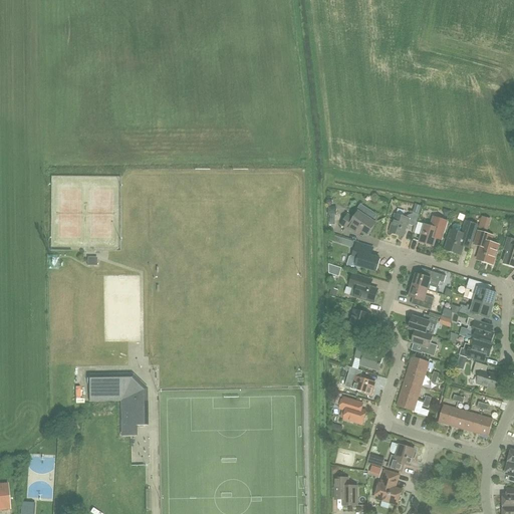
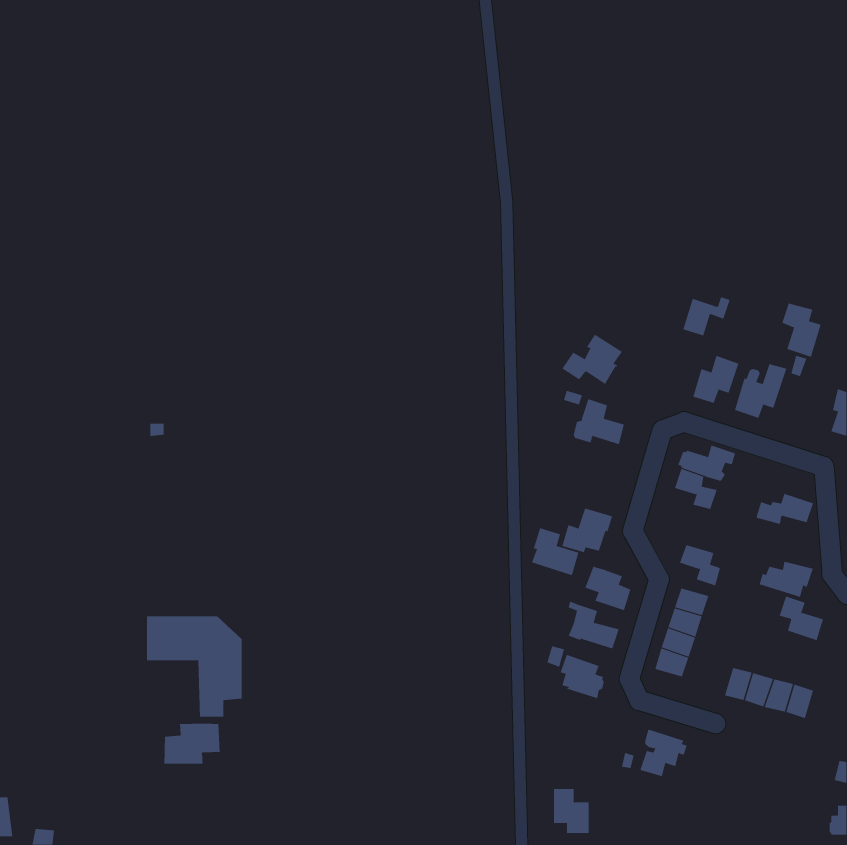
building: [389,211,418,235] -> [682,296,731,336]
building: [473,230,497,263] -> [782,303,821,358]
building: [347,272,376,301] -> [531,528,579,576]
building: [465,277,496,304] -> none
building: [408,313,438,334] -> none
building: [466,316,493,343] -> none
building: none -> [164,723,220,764]
building: [373,469,402,504] -> none

